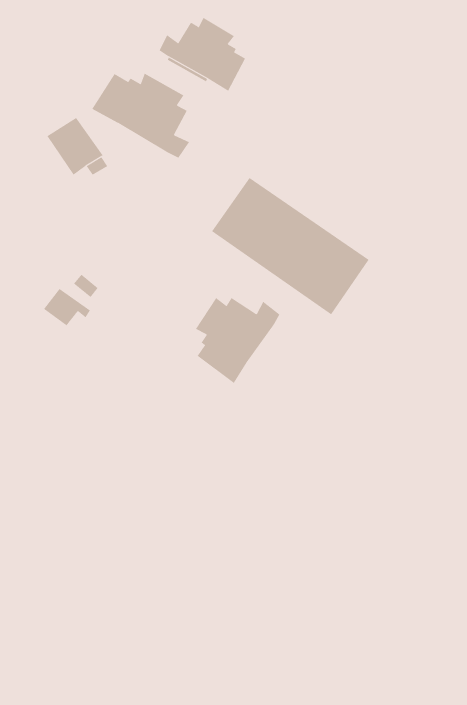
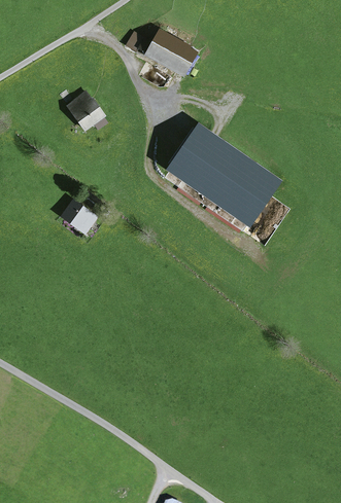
building: [92,73,190,159] -> none
building: [195,297,280,384] -> none

